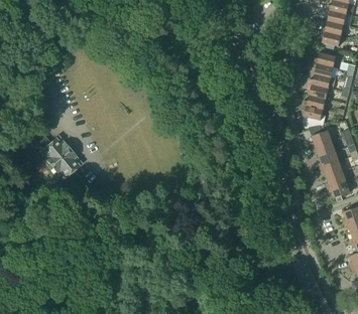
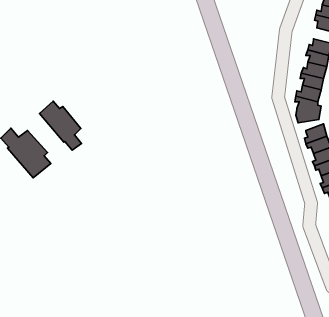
building: none -> [40,101,82,150]

